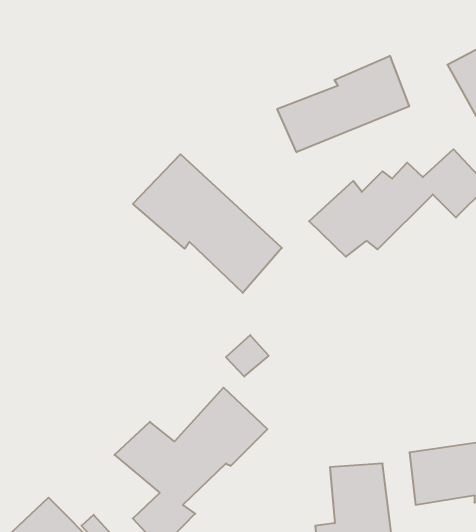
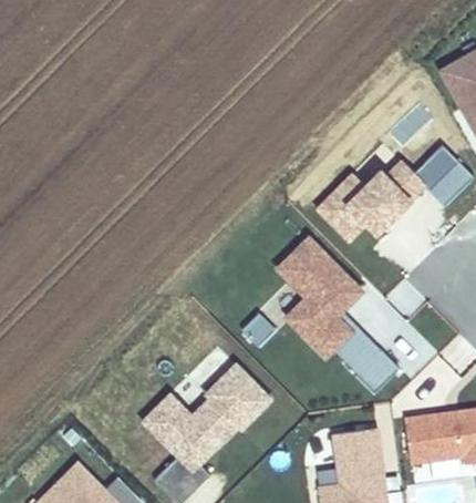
building: [277,56,409,152] -> none
building: [133,154,282,293] -> none
building: none -> [271,235,399,393]

